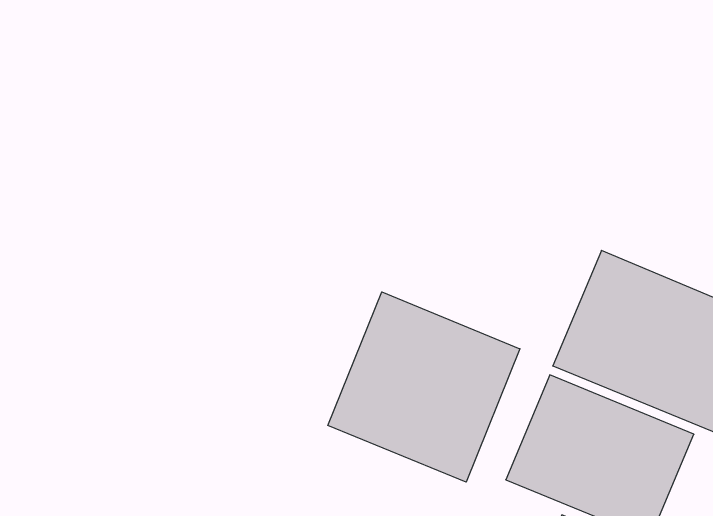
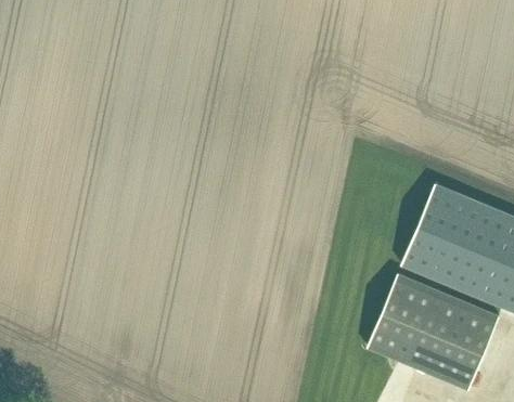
building: [328,292,520,482] -> none

